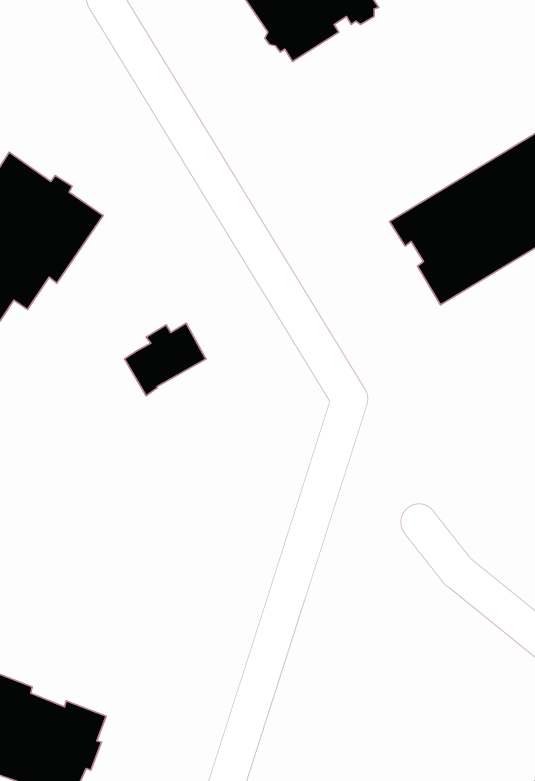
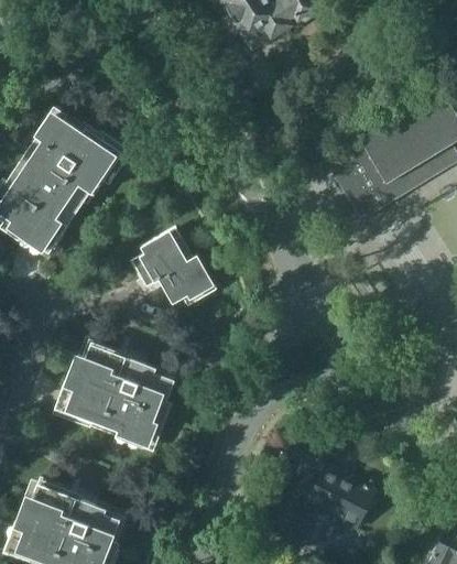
building: none -> [156,256,210,305]
building: none -> [63,345,170,445]
building: none -> [281,466,372,529]

